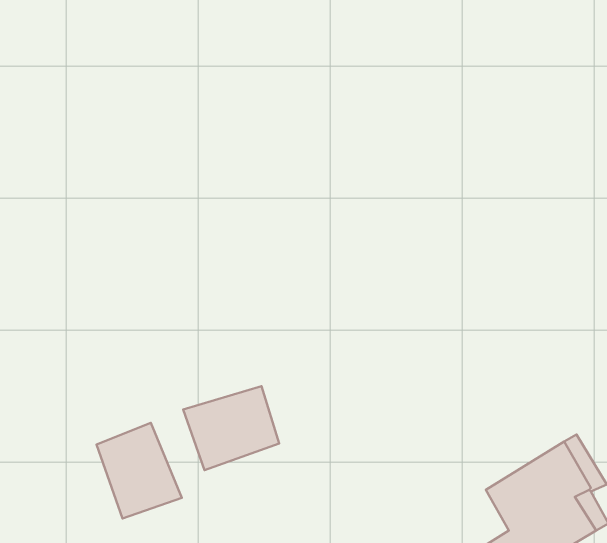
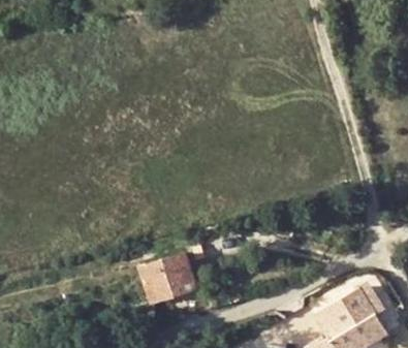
building: [97,423,182,519] -> none

